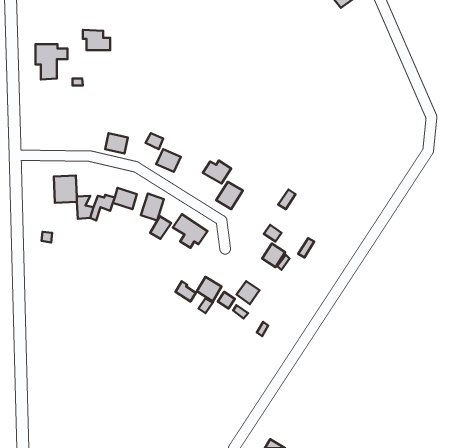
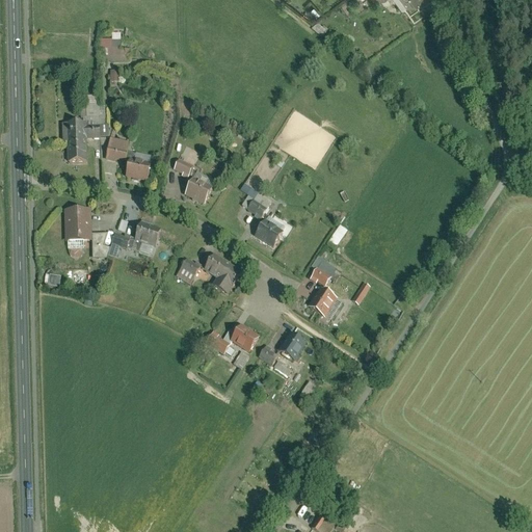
building: [36,44,67,79] -> [60,119,98,161]
building: none -> [104,134,128,159]
building: [141,194,164,221] -> none

